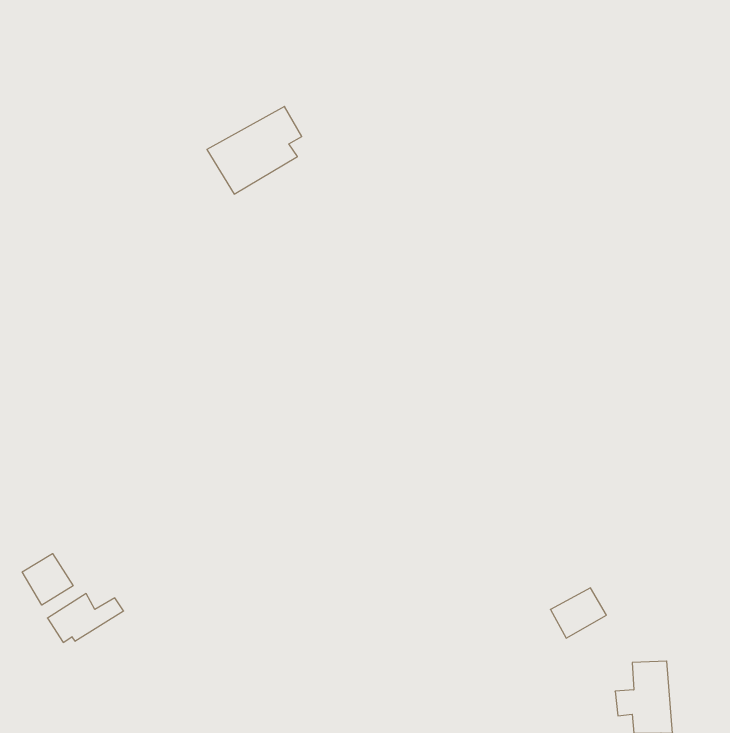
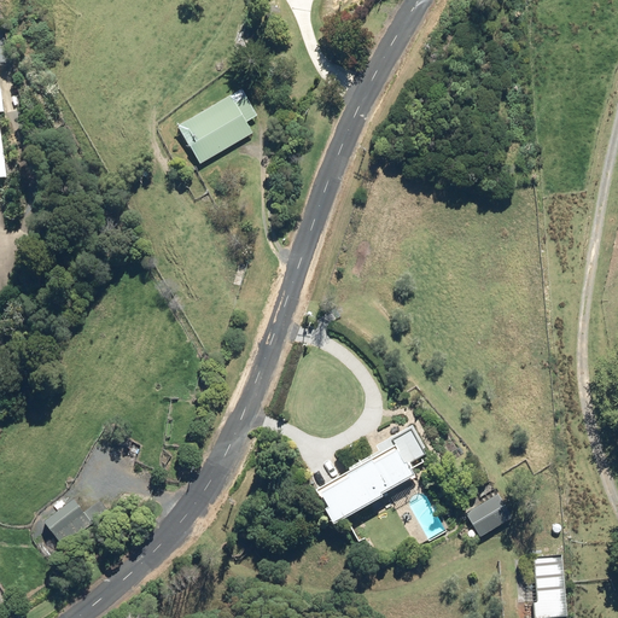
building: none -> [316,428,425,519]
building: [22,554,73,605] -> none

